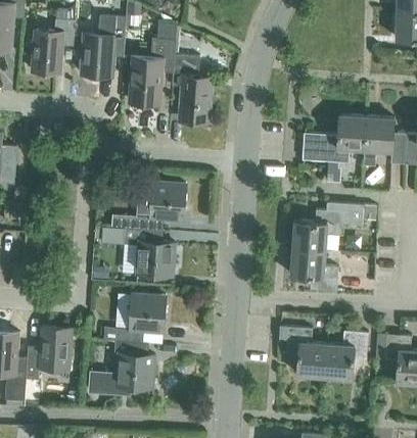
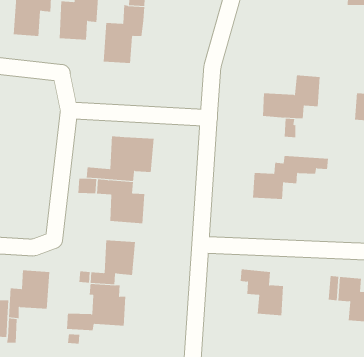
building: [171,55,211,120] -> none
building: [363,116,405,165] -> none
building: [289,248,337,291] -> none
building: [324,331,367,379] -> none

